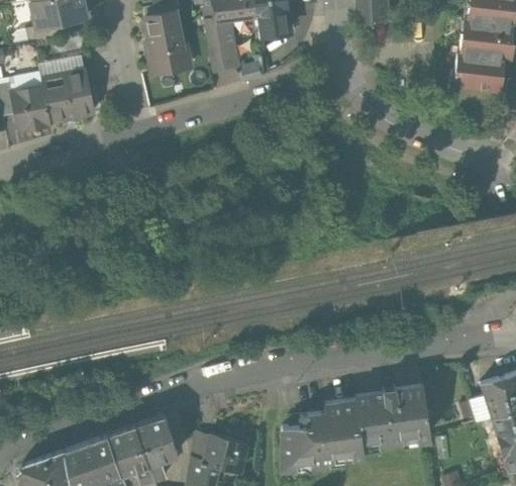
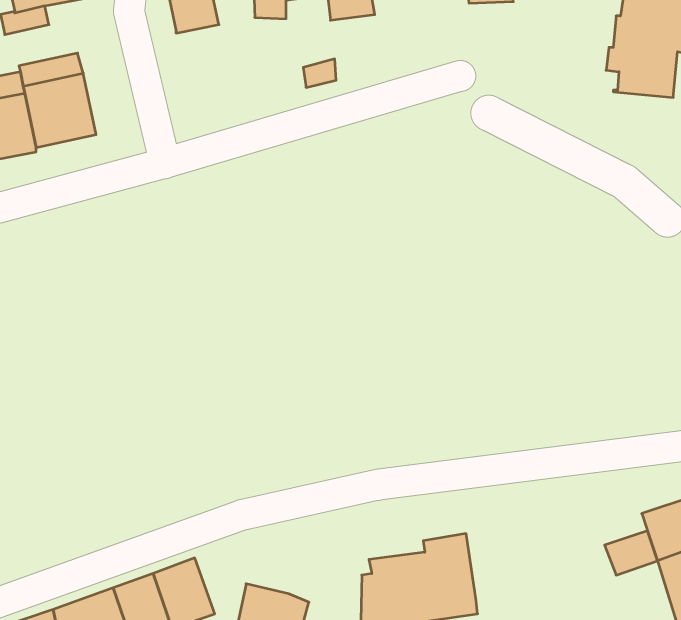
building: [207,33,237,71] -> none
building: [147,38,192,91] -> none
building: [356,383,431,448] -> none

